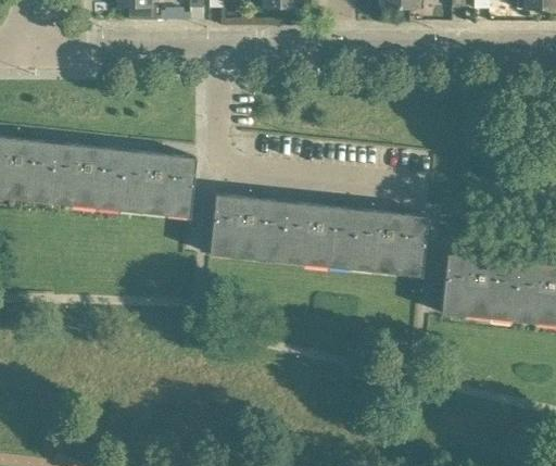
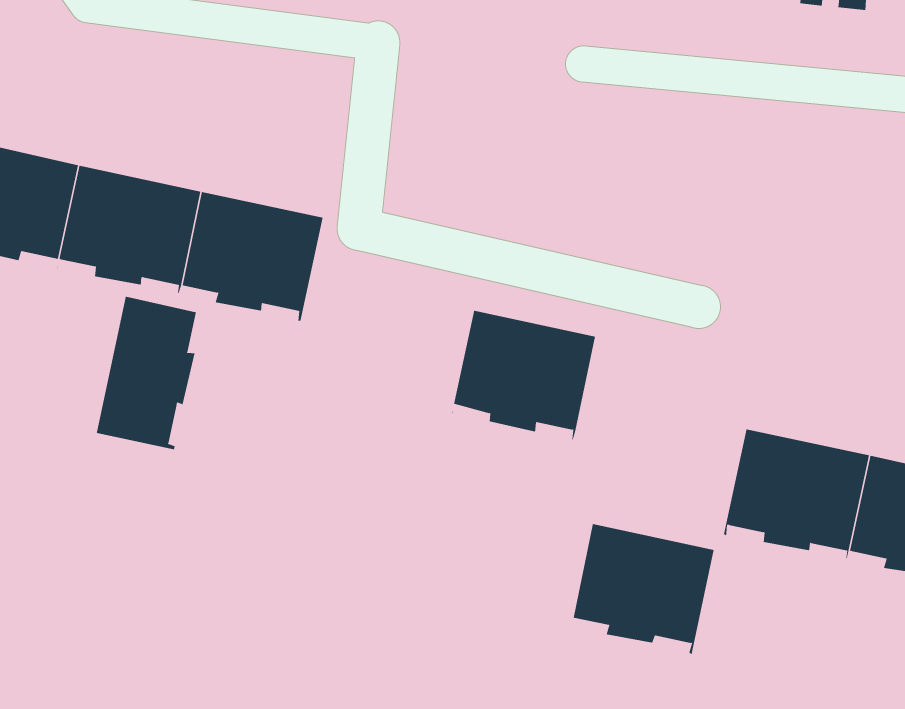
building: [211,196,288,262] -> none
building: [353,210,429,278] -> [573,524,715,655]
building: none -> [96,296,196,450]

